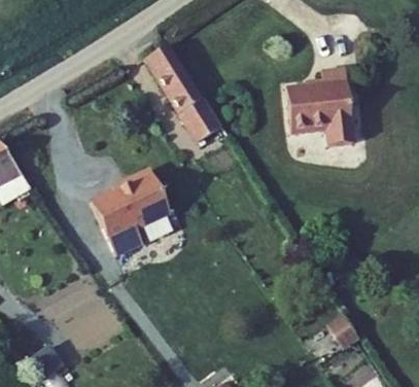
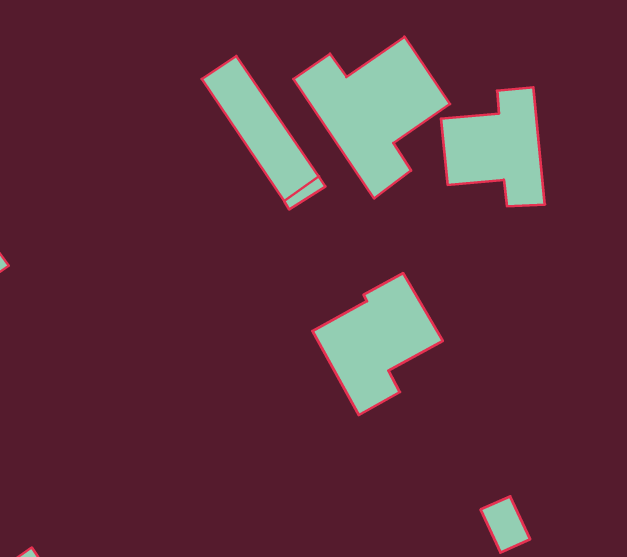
building: none -> [293,37,450,198]
building: [100,164,181,252] -> [312,273,443,415]

